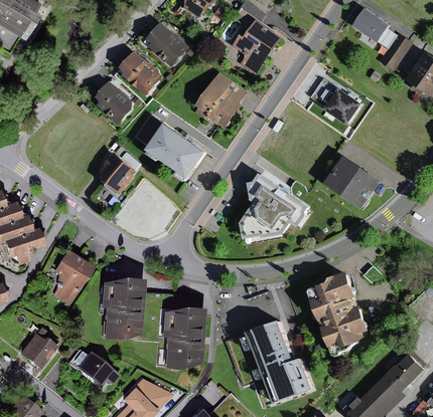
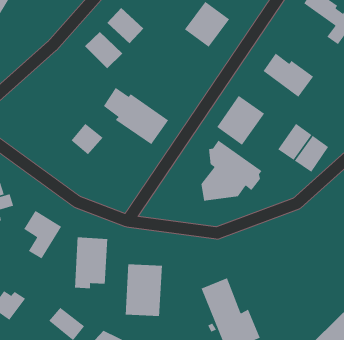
building: [197,71,251,127] -> [216,95,265,146]
building: [92,84,132,124] -> none
building: [308,270,362,345] -> none

